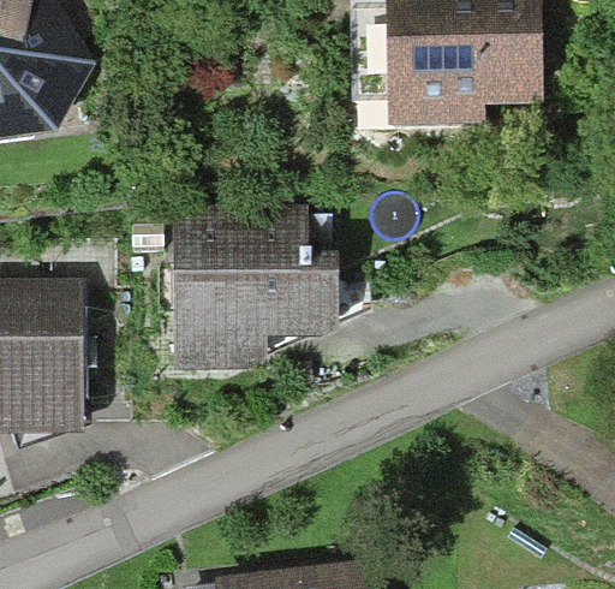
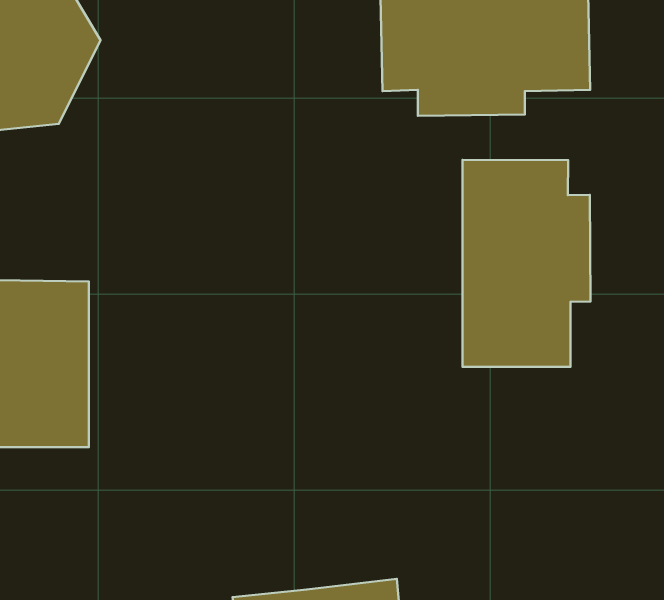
building: none -> [462,160,590,367]
building: [173,208,338,375] -> none

